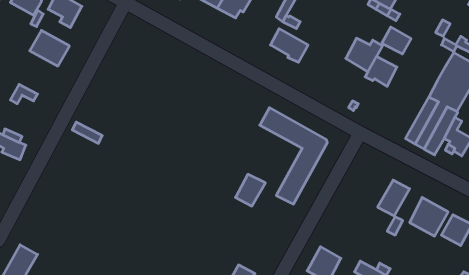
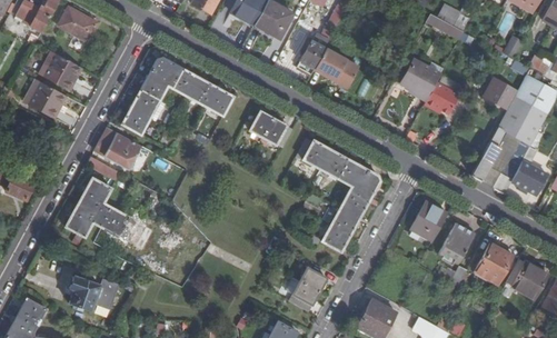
building: none -> [297,38,325,73]
building: [382,27,411,54] -> [484,77,517,108]
building: none -> [121,57,233,133]
building: none -> [22,79,68,120]
building: none -> [249,110,287,145]
building: none -> [95,127,140,168]
building: none -> [66,177,152,249]
building: none -> [410,201,447,240]
building: [235,174,265,206] -> [292,267,327,304]
building: none -> [69,275,118,309]

